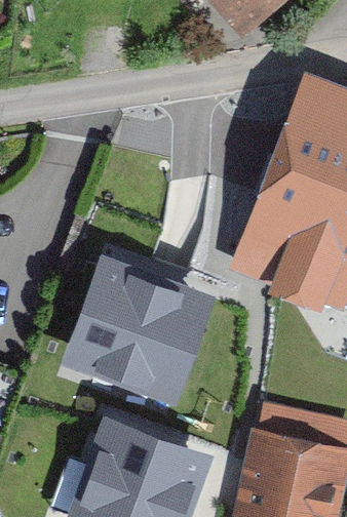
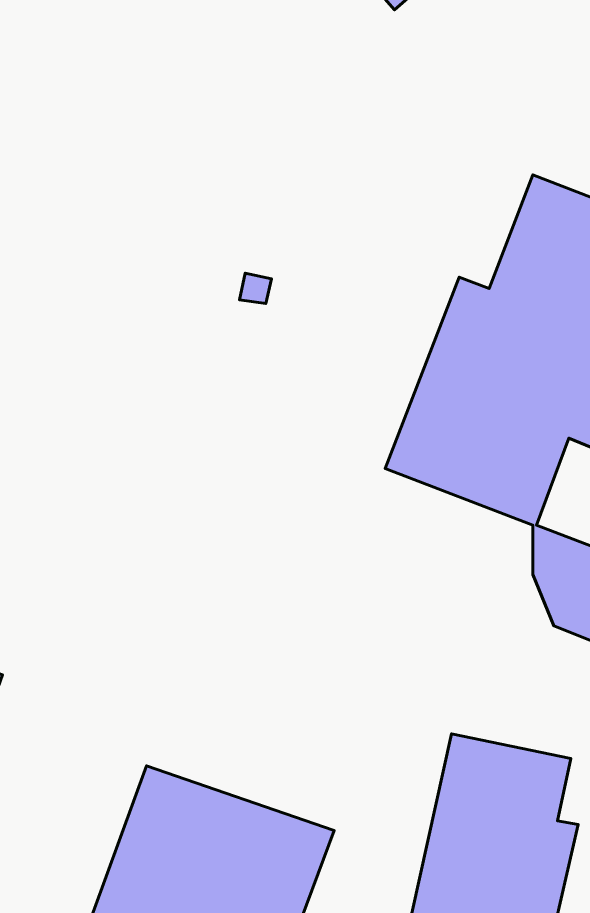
building: [68,261,207,396] -> none

